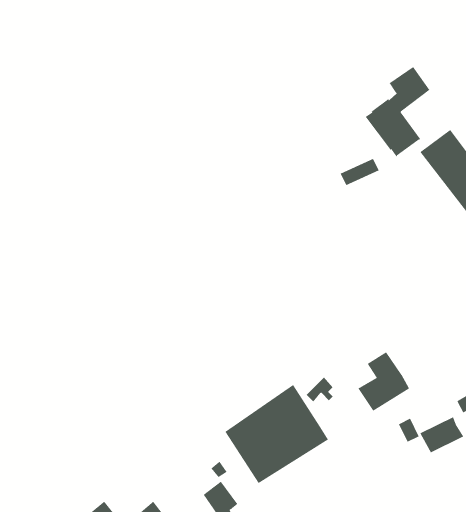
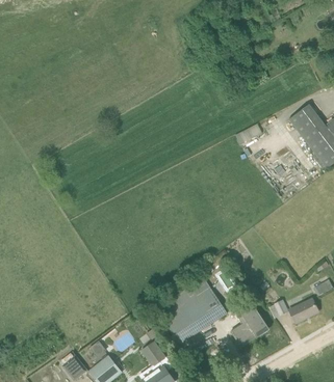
building: [365,66,430,158] -> none
building: [357,352,410,411] -> [230,305,265,346]

